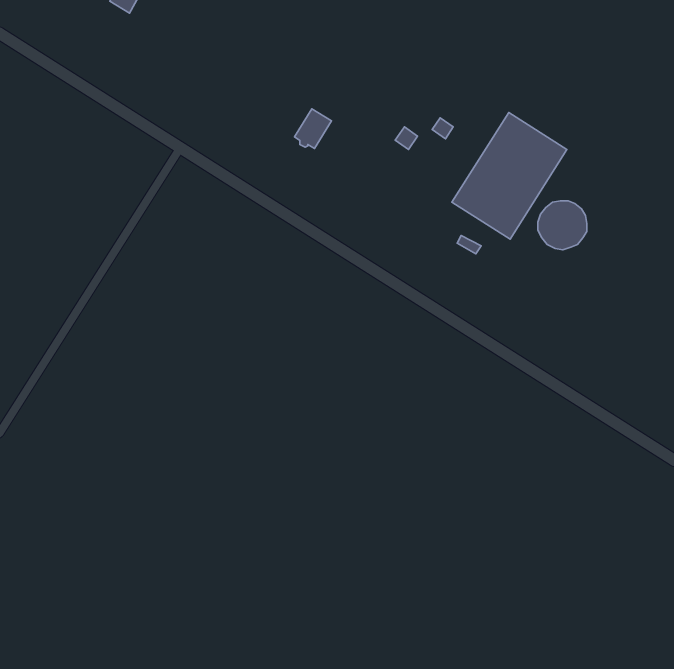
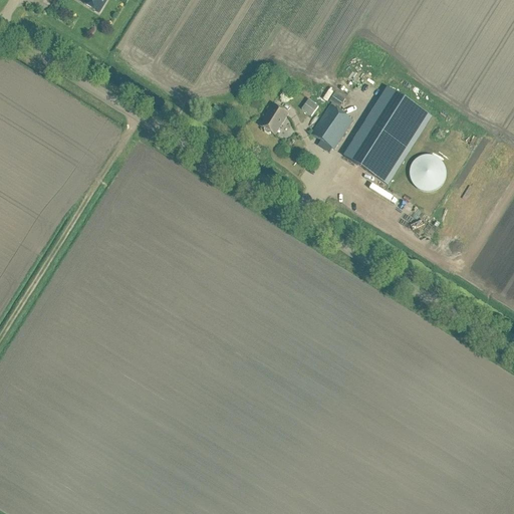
building: [295,109,332,149] -> [259,101,287,132]
building: none -> [310,102,352,146]

